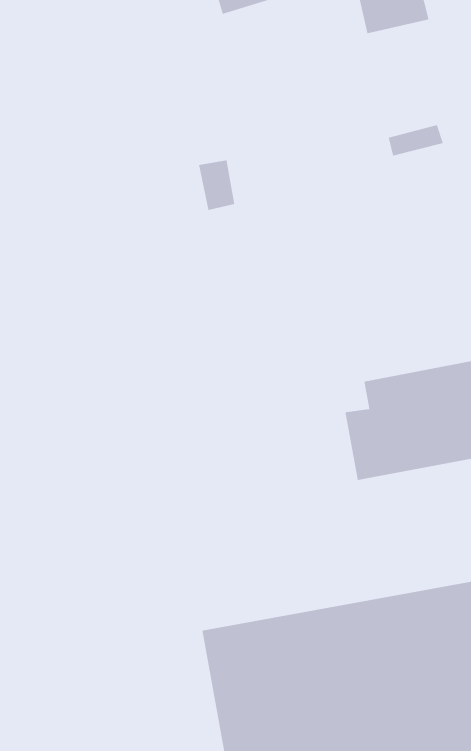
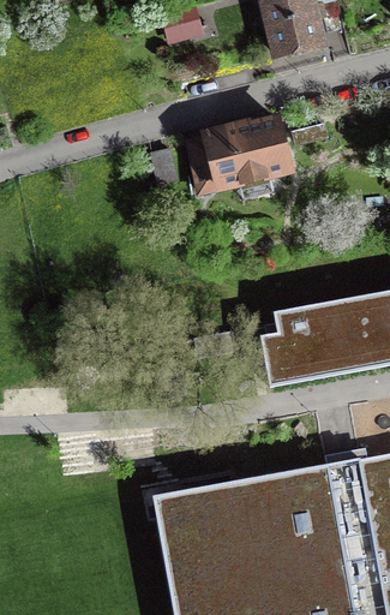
building: none -> [191,118,289,190]

